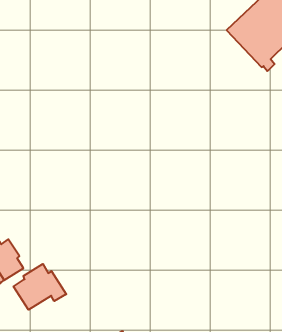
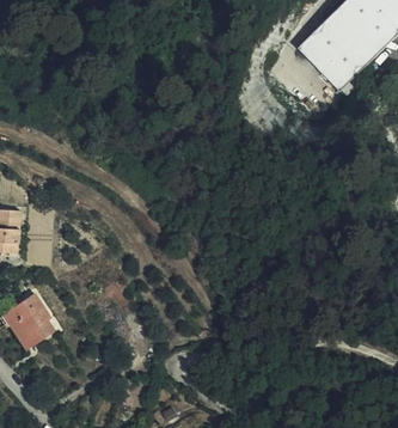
building: [14,264,66,310] -> none

